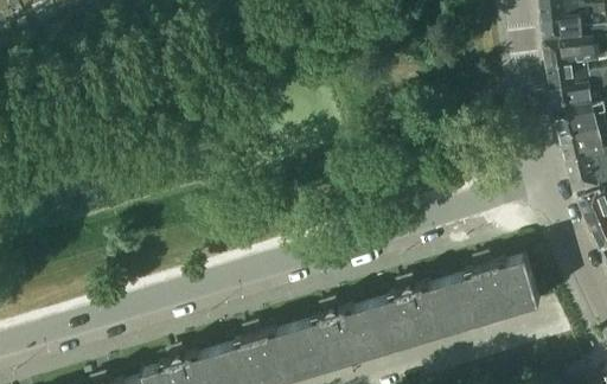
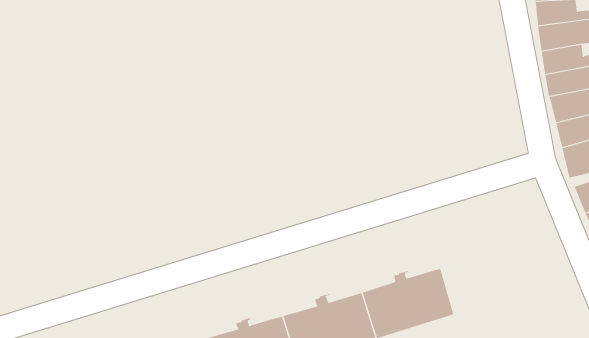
building: [451,261,541,329] -> none

